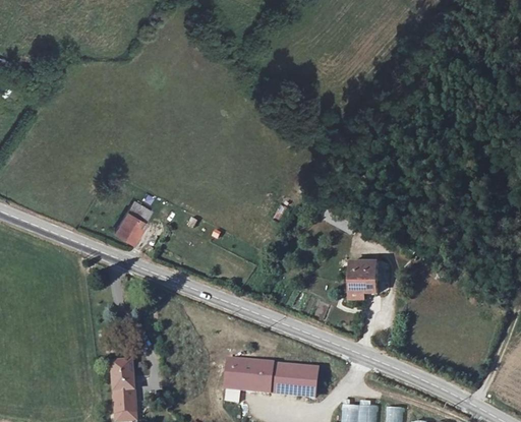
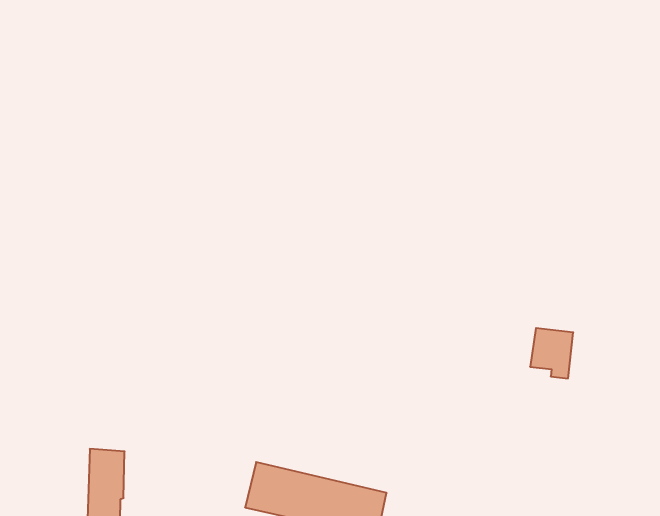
building: [111,208,143,239] -> none
building: [351,262,379,295] -> [530,328,573,378]

